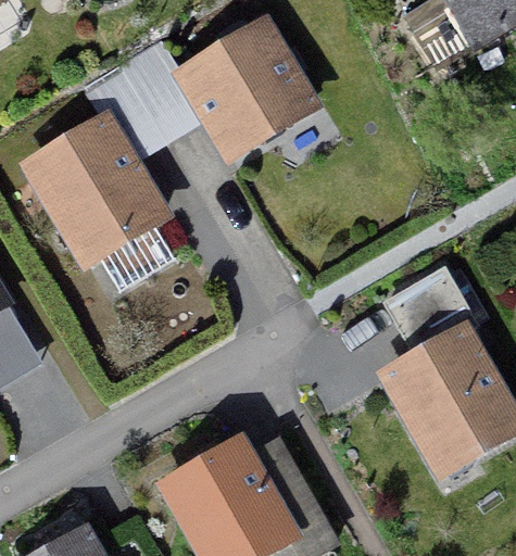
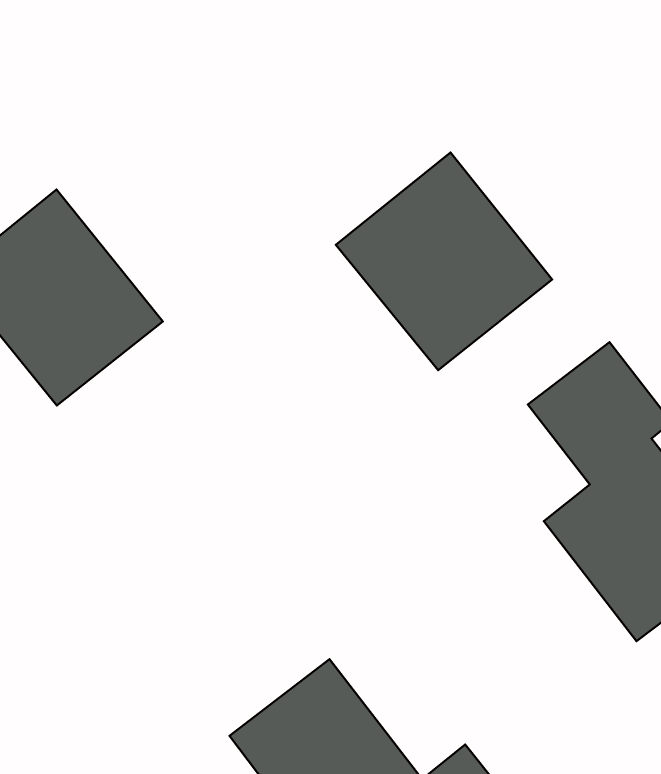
building: [184,31,311,159] -> none
building: none -> [336,153,552,370]

